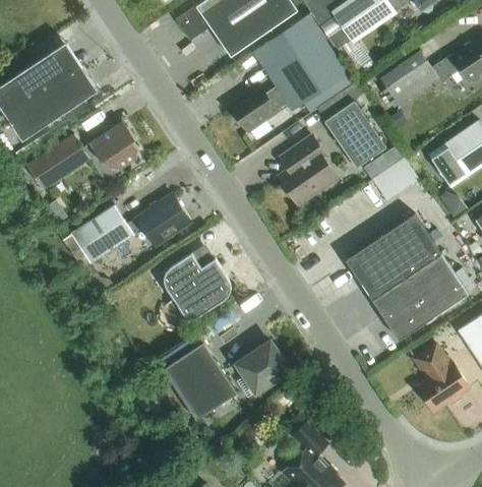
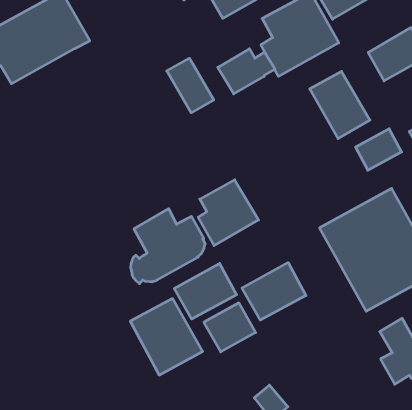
building: none -> [167,58,214,113]
building: [26,124,138,190] -> none
building: [280,136,341,204] -> [198,180,259,246]
building: [62,193,191,269] -> none
building: none -> [242,263,306,320]
building: none -> [174,263,237,319]

